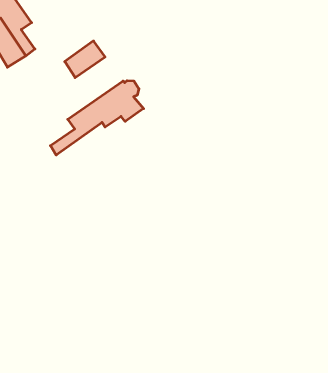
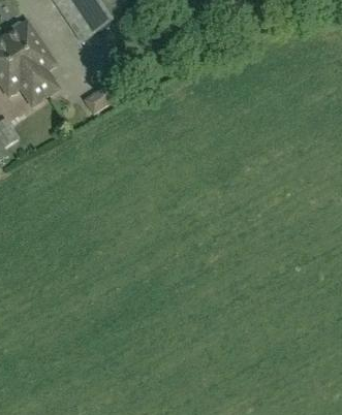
building: [50,81,144,155] -> none

